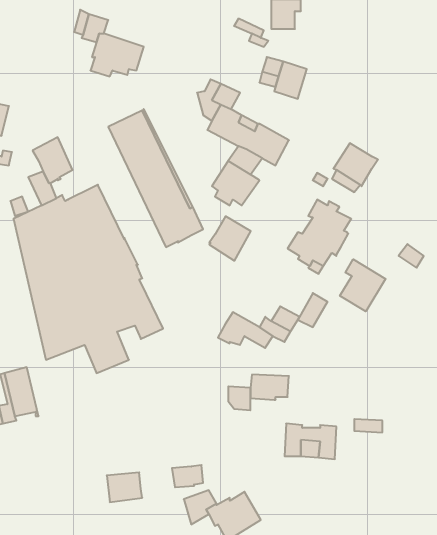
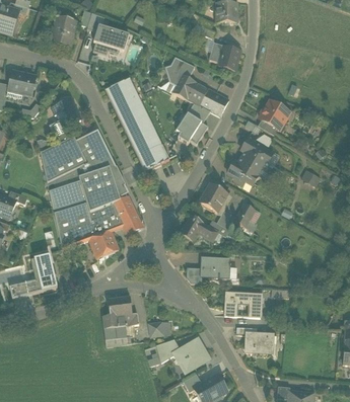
building: none -> [53,17,76,46]
building: [209,216,251,261] -> [199,182,227,213]
building: [340,259,386,311] -> none
building: none -> [102,296,138,327]
building: none -> [246,333,272,351]

